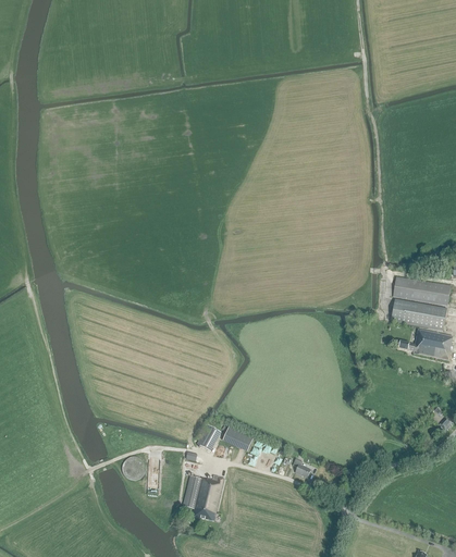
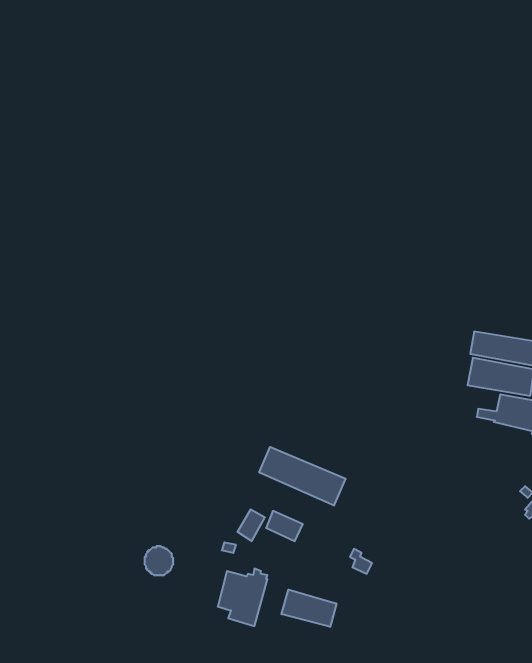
building: none -> [259,447,346,506]
building: none -> [281,590,336,627]

